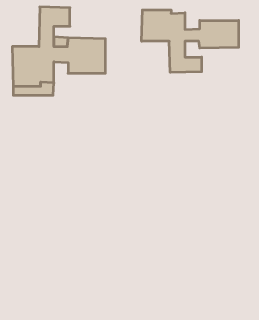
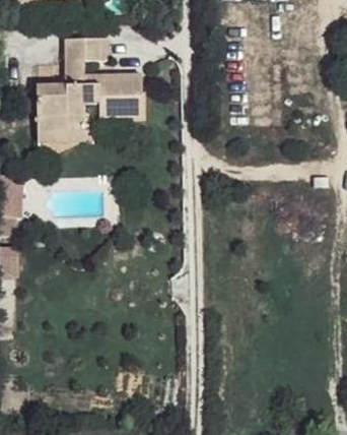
building: [142,10,239,72] -> none

